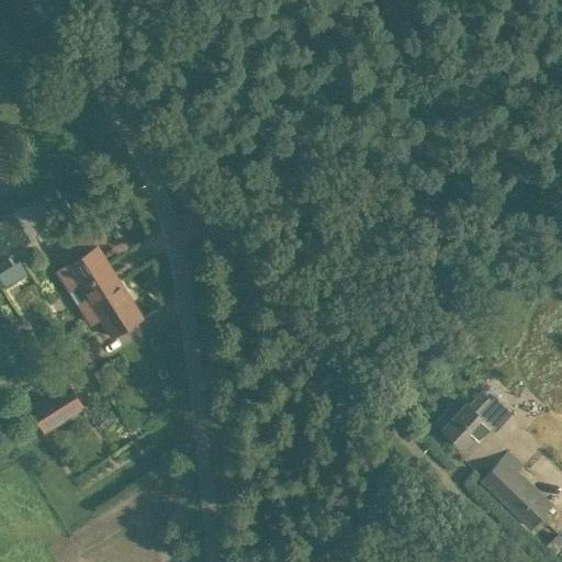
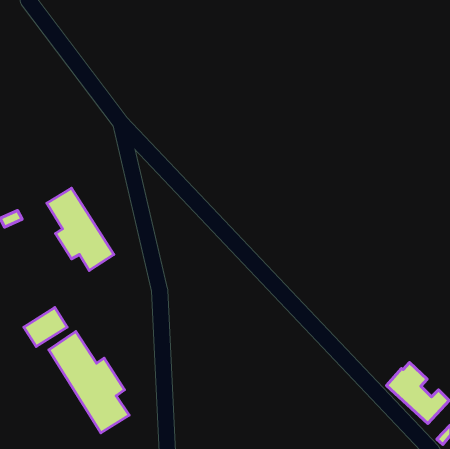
building: [443,394,495,450] -> none
building: none -> [49,332,129,433]

